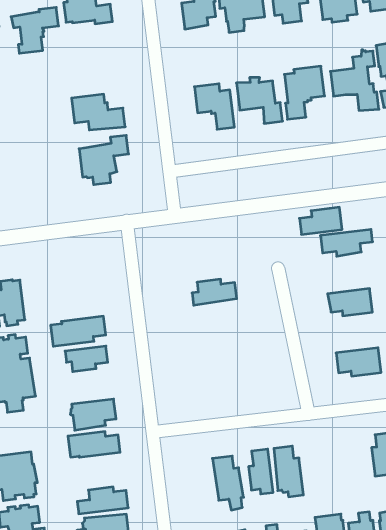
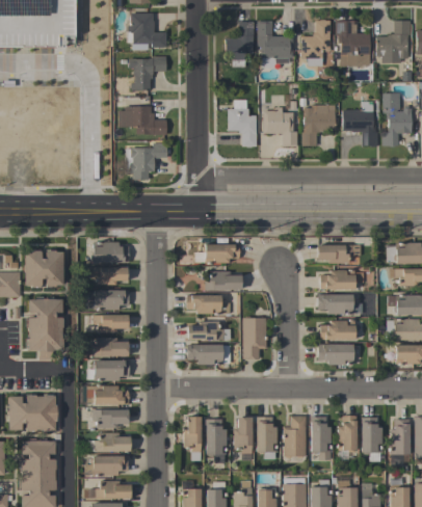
building: [11,7,59,53] -> [128,56,166,90]
building: [299,207,342,234] -> [320,270,354,289]
building: none -> [194,243,239,263]
building: none -> [94,241,129,263]
building: none -> [84,267,127,285]
building: none -> [187,295,221,314]
building: none -> [320,320,354,339]
building: none -> [243,318,266,358]
building: none -> [188,321,231,340]
building: none -> [187,344,229,364]
building: none -> [84,338,128,355]
building: none -> [311,417,331,460]
building: none -> [283,416,306,457]
building: none -> [184,417,201,452]
building: none -> [93,409,128,428]

